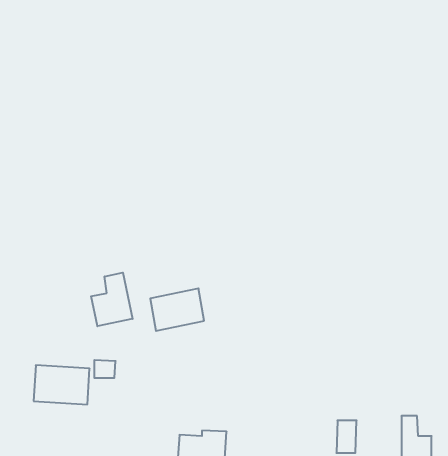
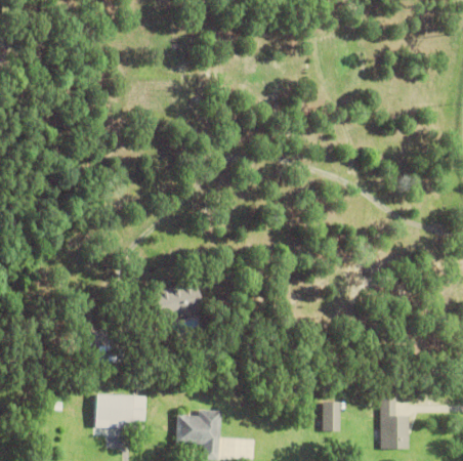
building: [91,273,133,326] -> none
building: [34,365,90,404] -> [94,393,145,429]

